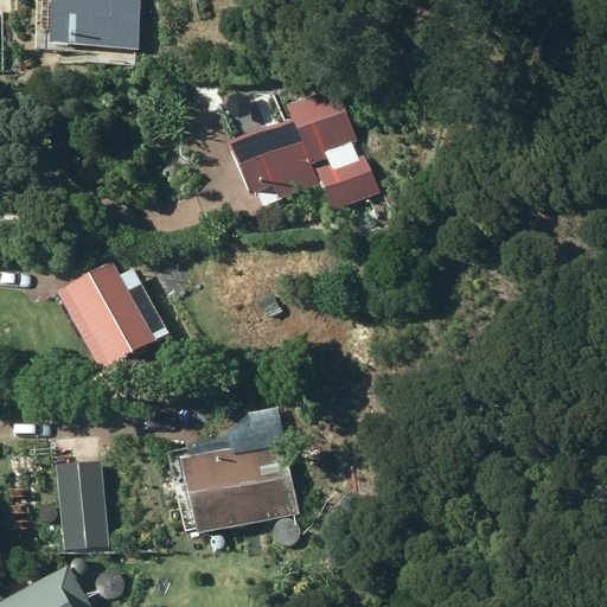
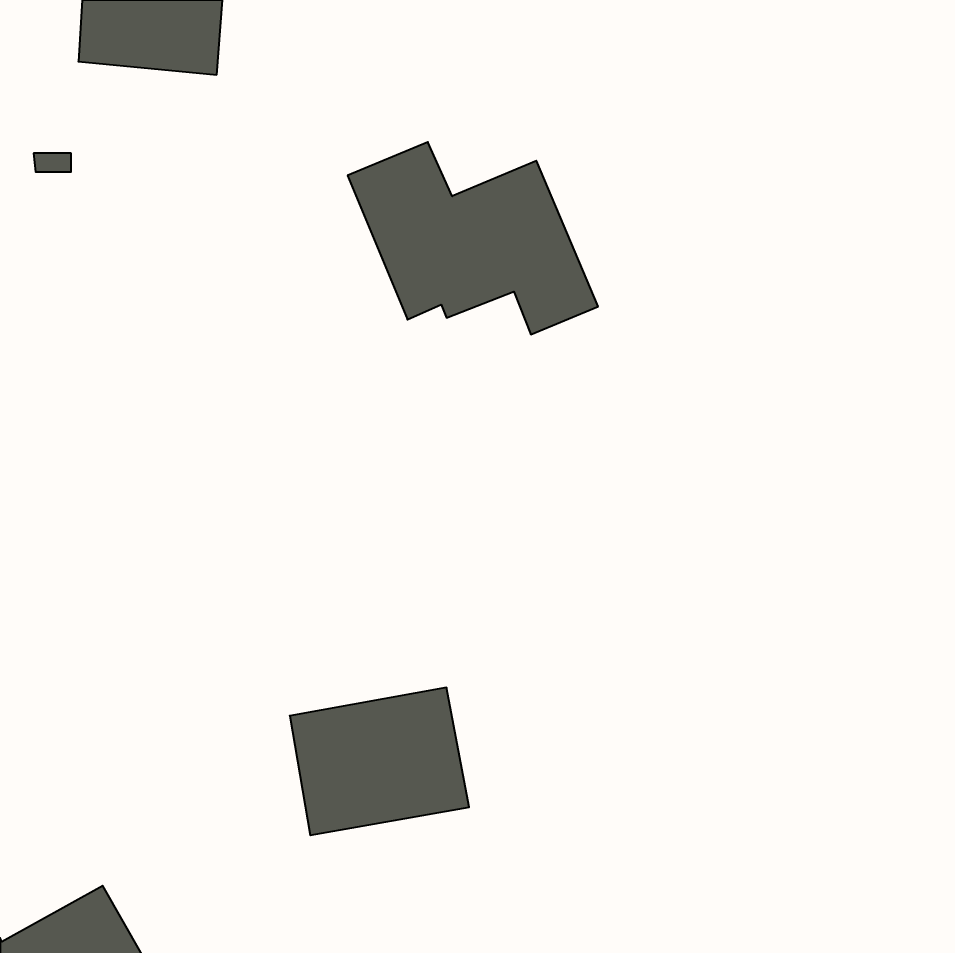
building: [57,260,155,368] -> none
building: [56,460,108,550] -> none

